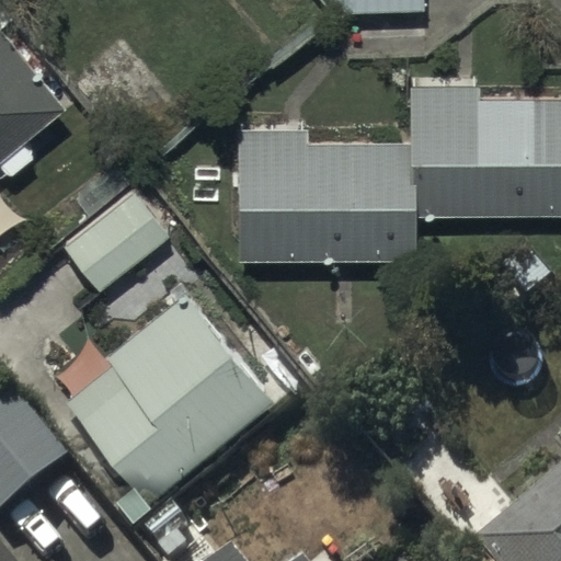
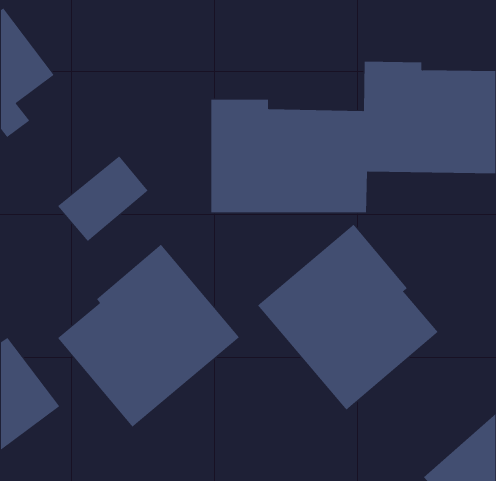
building: none -> [257,224,438,411]

